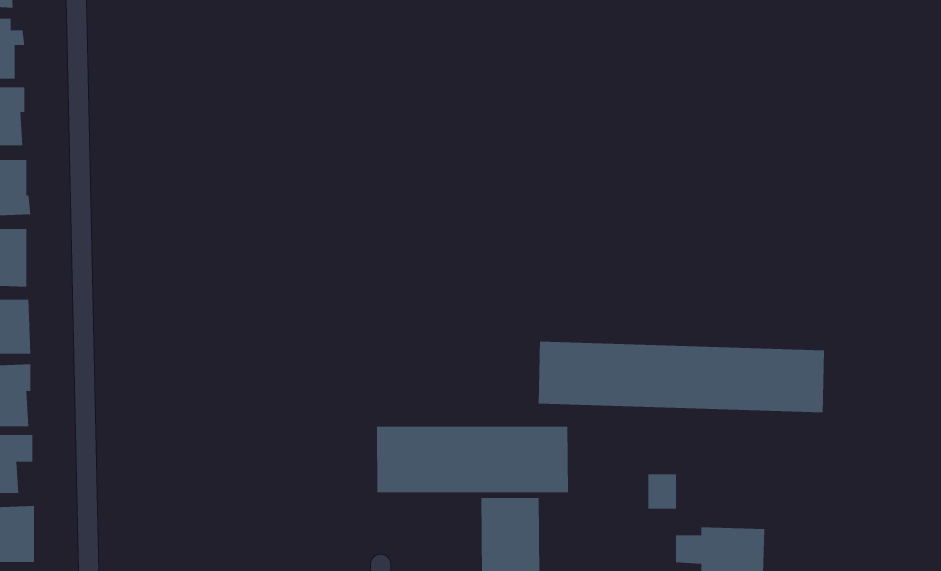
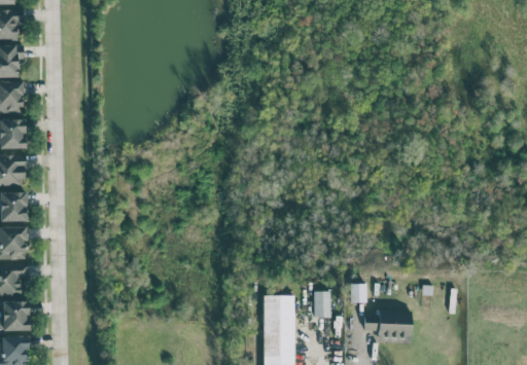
building: [538,341,825,413] -> none
building: [376,426,568,493] -> none
building: none -> [314,291,330,317]

